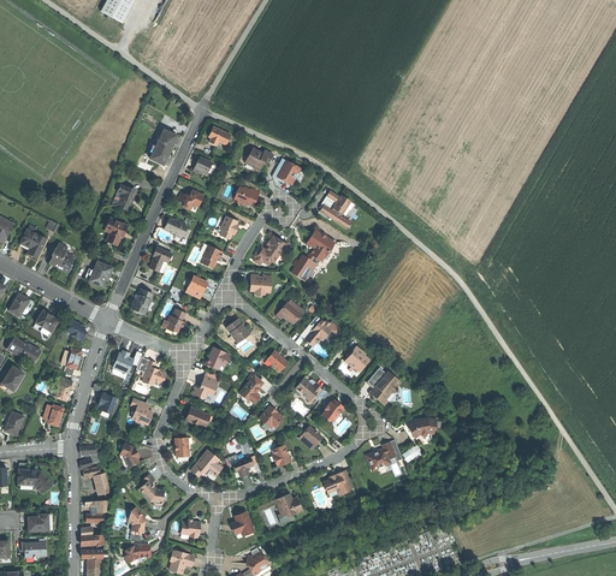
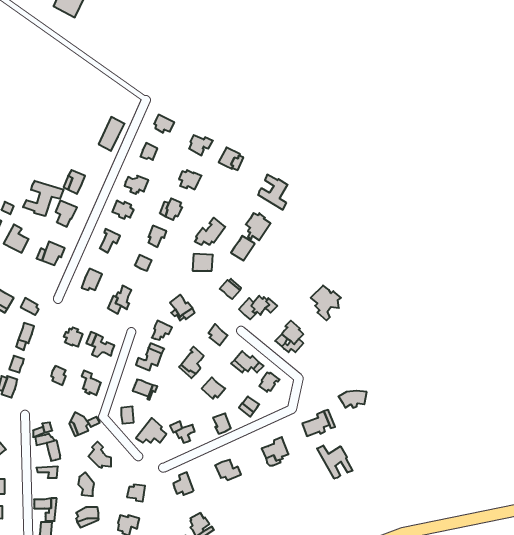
building: none -> [23,181,64,216]
building: [366,368,398,405] -> [311,285,341,320]
building: none -> [317,445,353,479]

